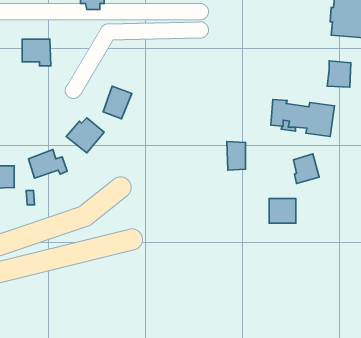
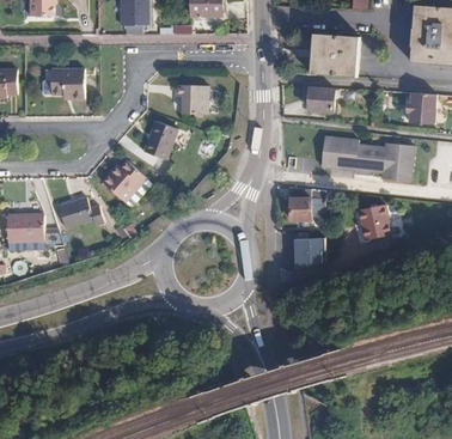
building: none -> [313,35,359,78]
building: none -> [175,85,208,115]
building: none -> [307,86,334,112]
building: none -> [322,136,343,169]
building: [269,199,296,223] -> [293,237,324,266]

